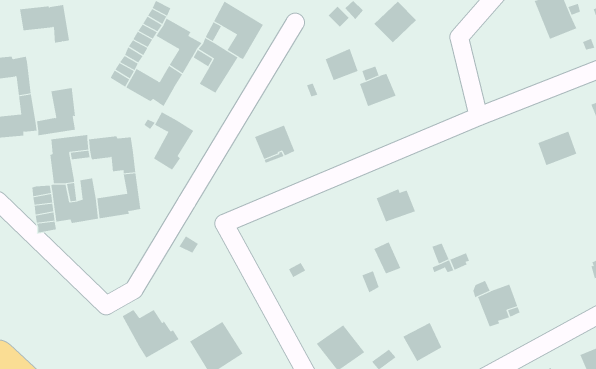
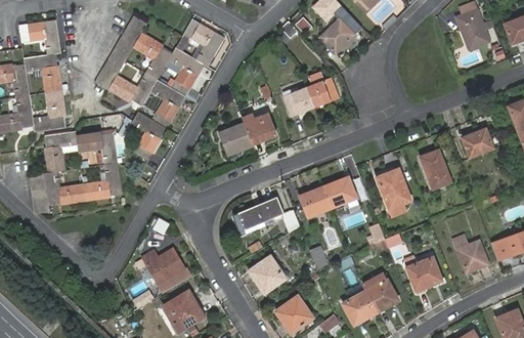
building: none -> [24,52,63,94]
building: [325,48,358,81] -> [286,88,314,116]
building: none -> [150,80,185,128]
building: none -> [244,116,277,145]
building: none -> [416,146,450,189]
building: none -> [372,167,410,216]
building: none -> [297,185,330,216]
building: none -> [235,197,300,234]
building: none -> [450,234,489,274]
building: none -> [244,253,283,292]
building: none -> [367,279,400,312]
building: [122,309,180,358] -> [143,250,192,292]

